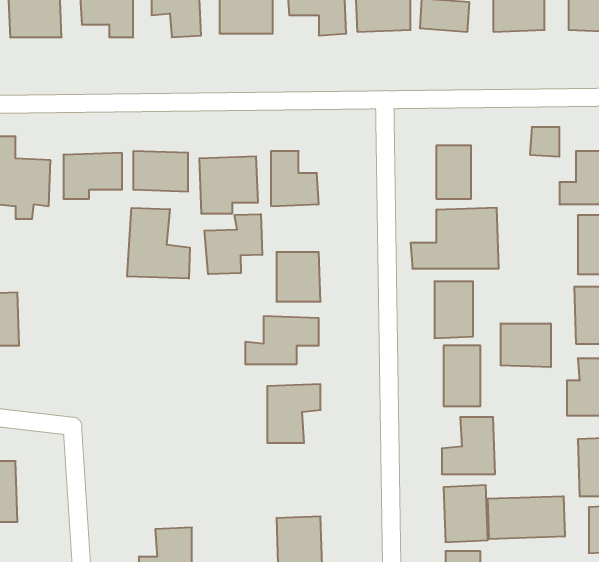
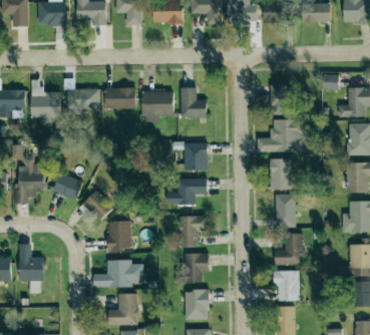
building: [127,208,190,279] -> none
building: [205,214,262,274] -> none
building: none -> [53,174,82,199]
building: [501,323,551,367] -> none
building: none -> [83,190,113,220]
building: none -> [107,221,130,251]
building: none -> [183,253,209,281]
building: none -> [93,260,143,287]
building: [488,496,565,539] -> none

